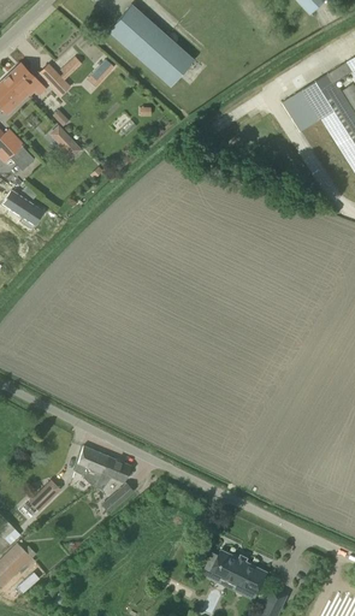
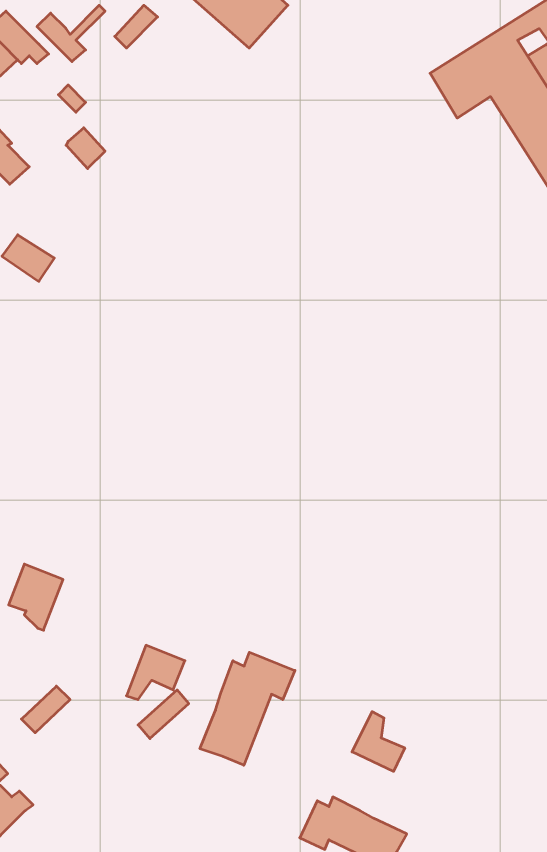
building: [72,445,106,486] -> [9,564,63,630]
building: none -> [200,652,295,765]
building: none -> [352,712,405,771]

